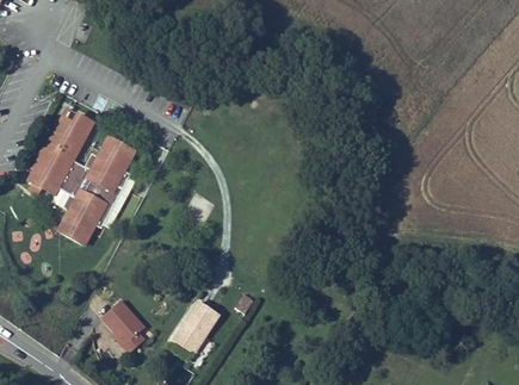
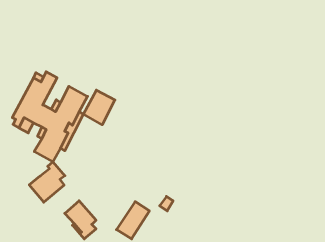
building: none -> [83,90,115,125]
building: none -> [29,162,65,202]

